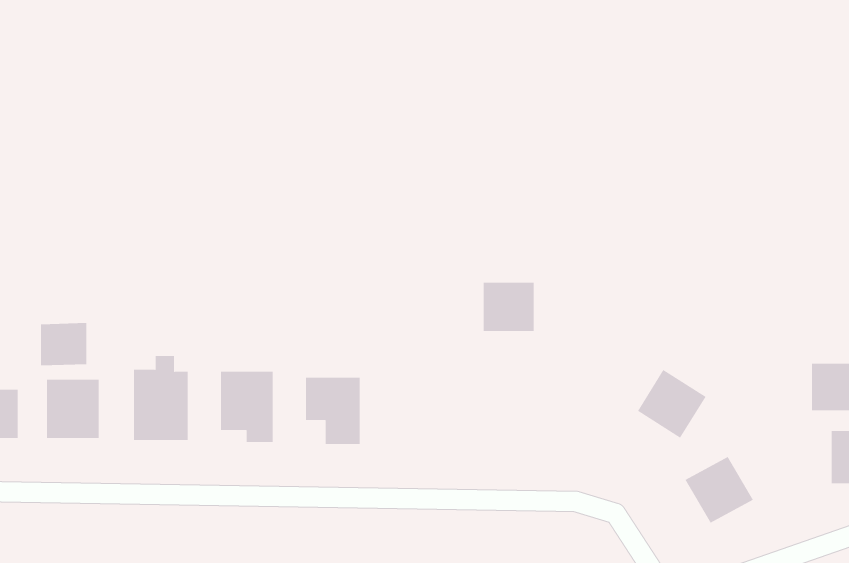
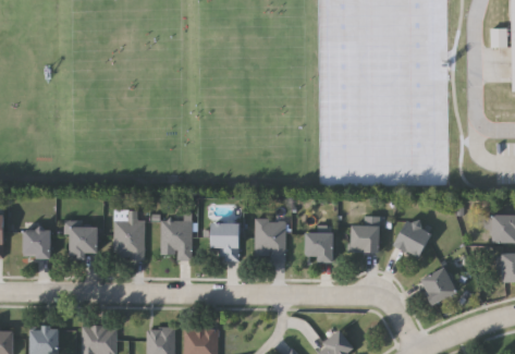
building: [483,282,534,331] -> [304,232,332,259]
building: [40,322,87,366] -> none
building: none -> [255,222,286,259]
building: none -> [350,225,378,251]

